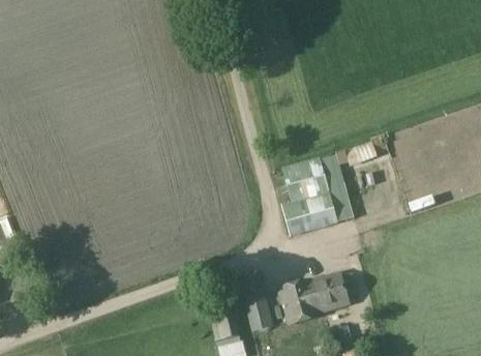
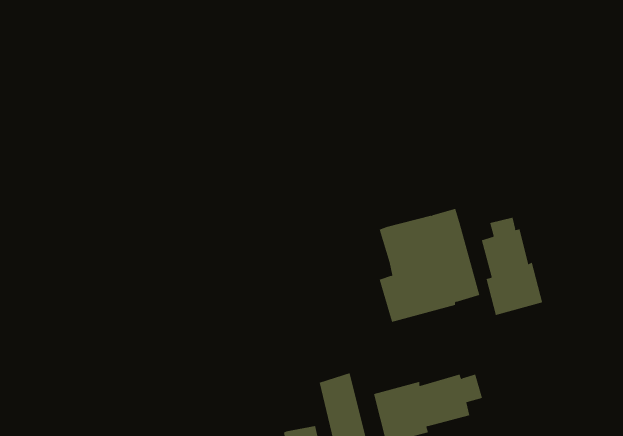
building: none -> [481,217,543,316]

